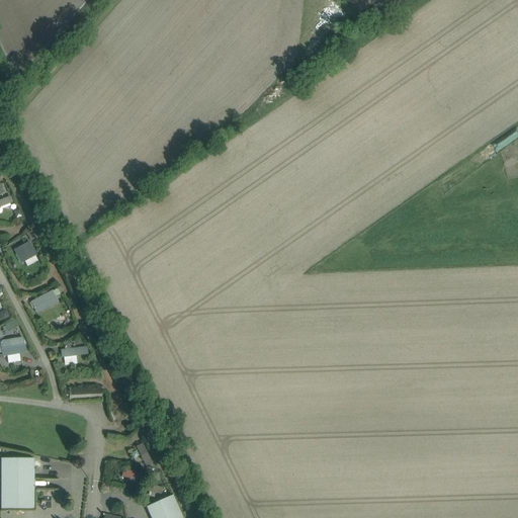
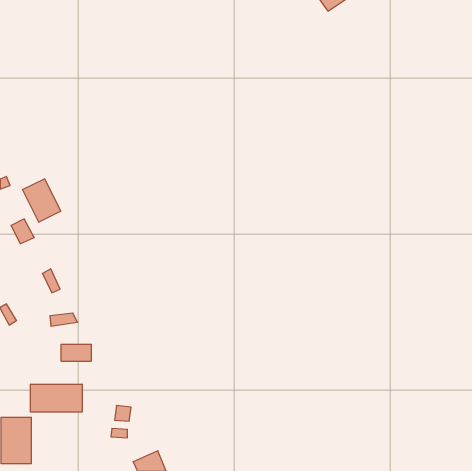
building: none -> [22,179,61,222]
building: none -> [31,384,82,412]

